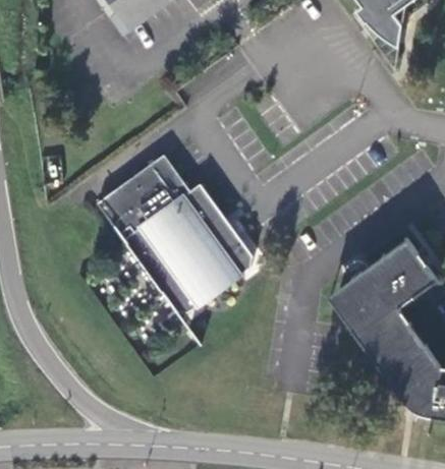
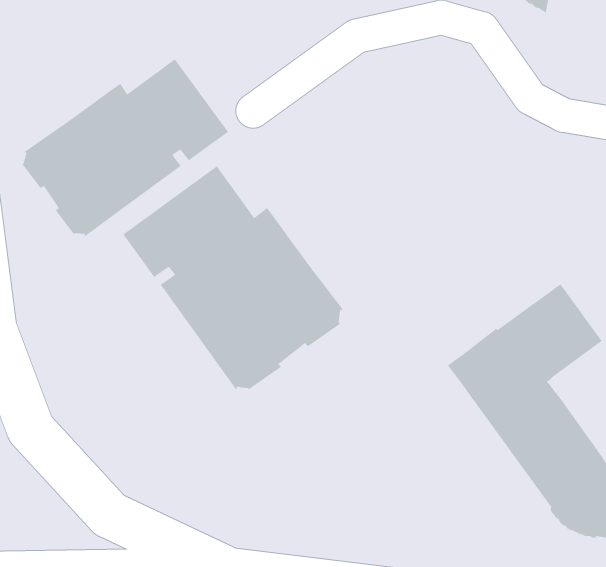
building: none -> [21,58,229,237]

